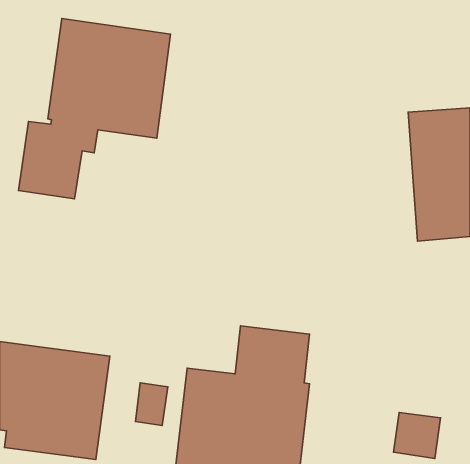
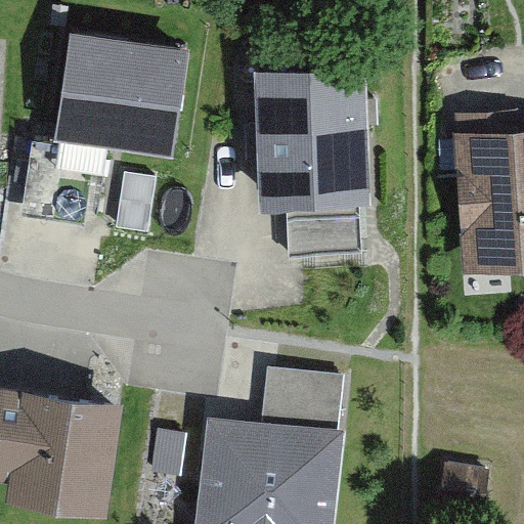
building: none -> [254,66,370,260]

